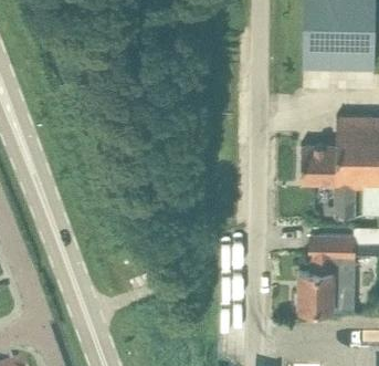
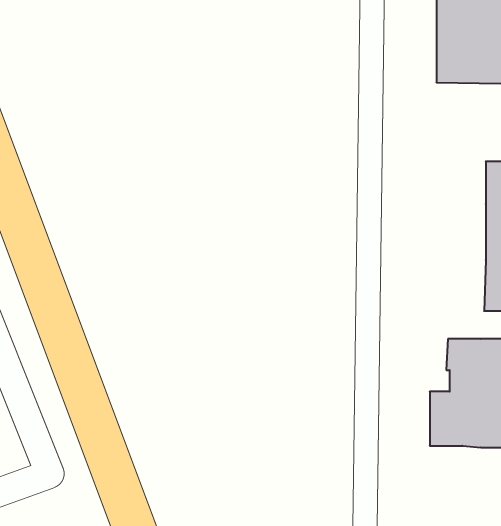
building: [301,148,336,186] -> none

